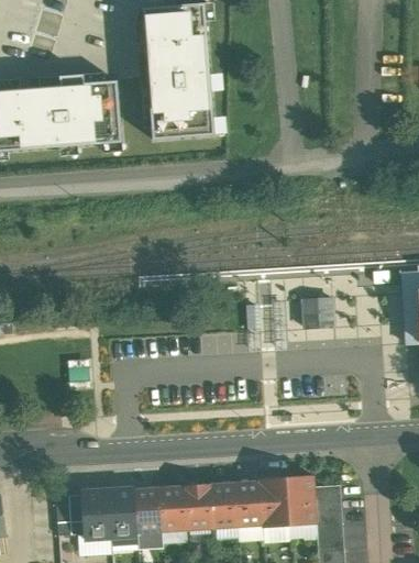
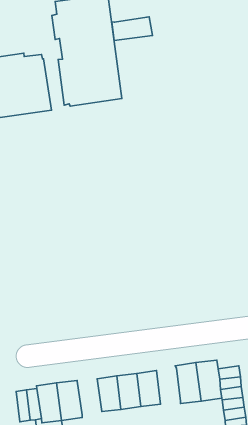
building: none -> [112,17,152,41]
building: [305,297,333,328] -> none
building: [236,482,264,526] -> none
building: [135,488,164,532] -> none

